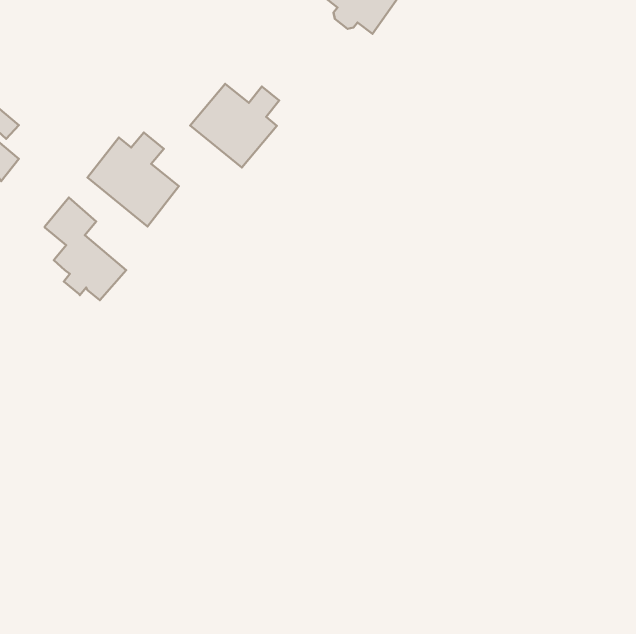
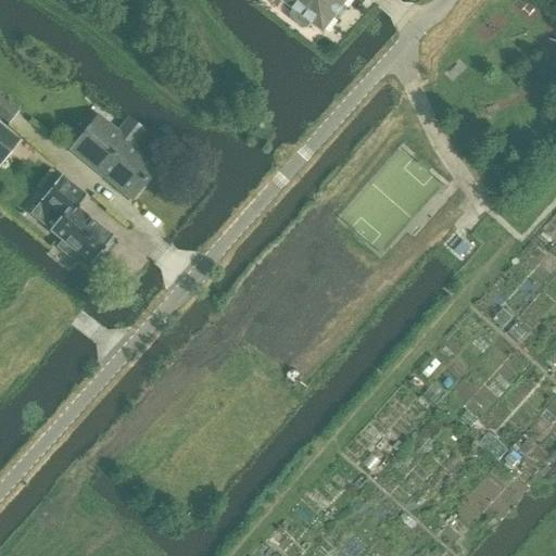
building: [190,84,279,167] -> none

